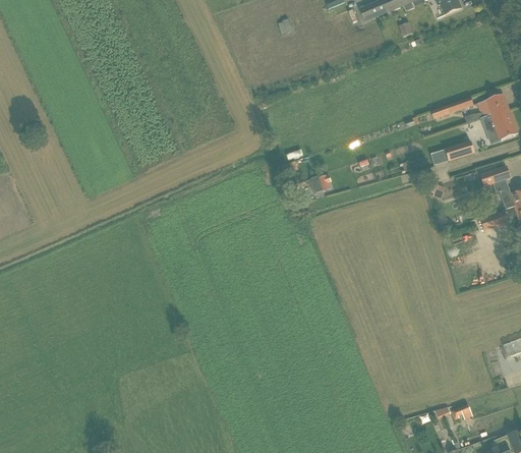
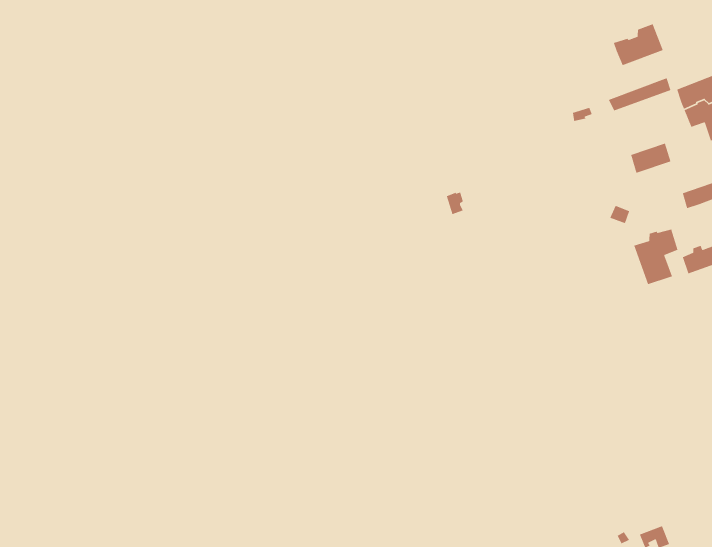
building: none -> [613,23,664,66]
building: none -> [633,229,678,285]

